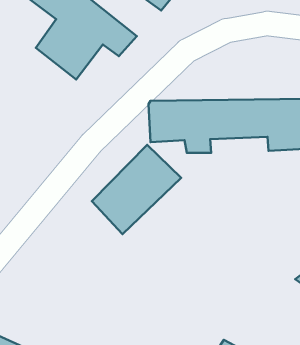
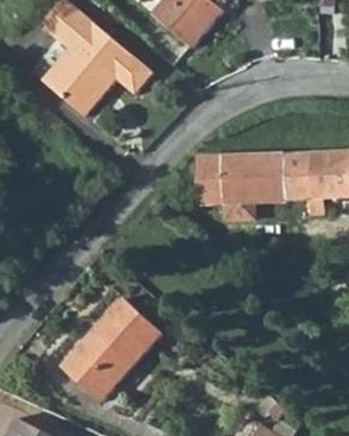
building: [92,145,181,234] -> [59,296,159,396]

